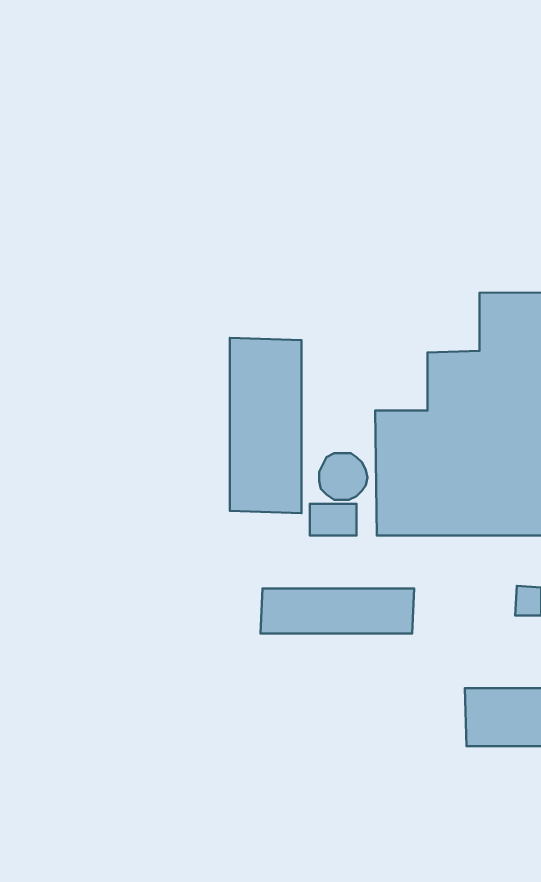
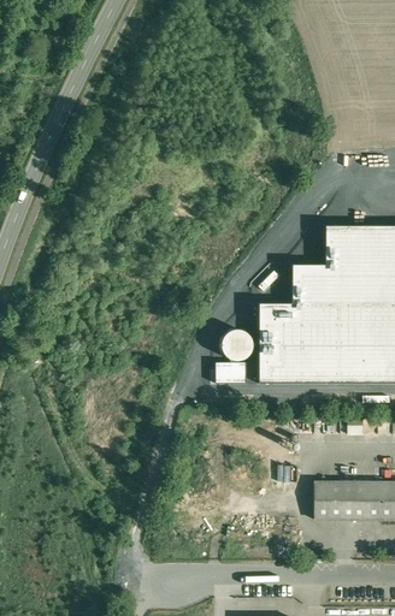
building: [230,338,302,513] -> none
building: [261,588,414,633] -> none

